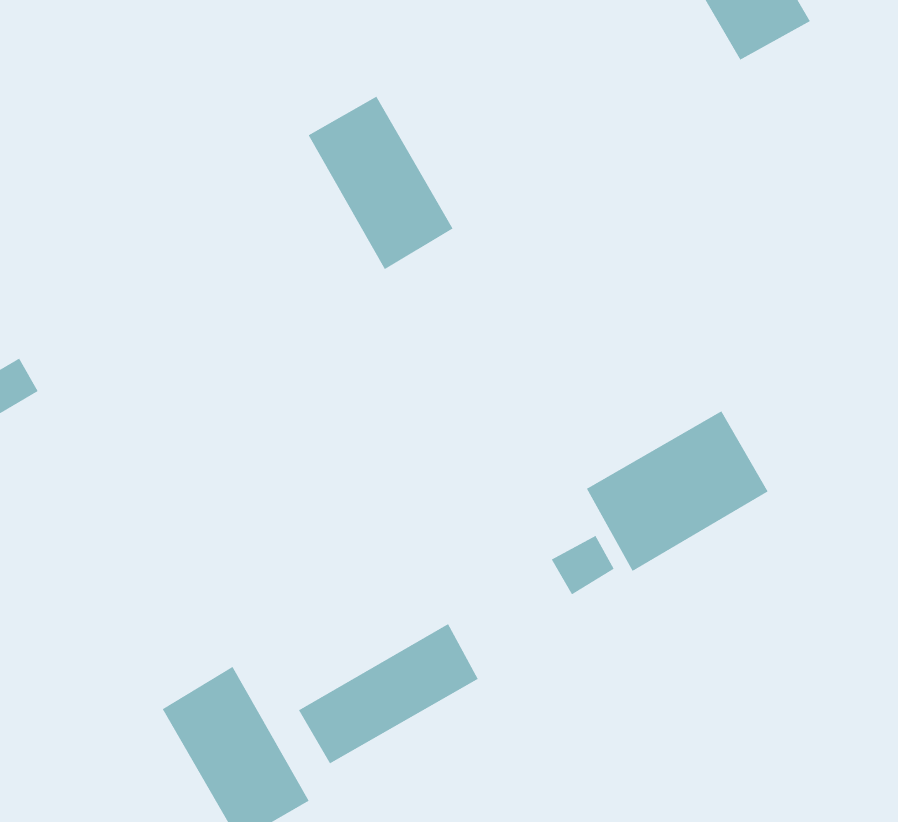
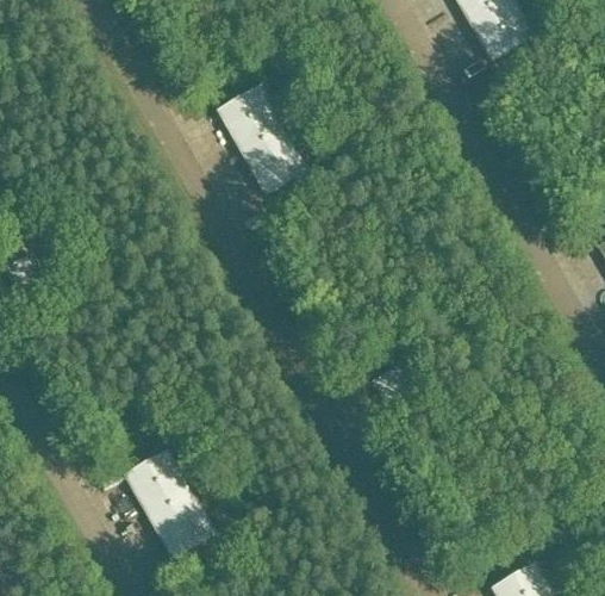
building: [586,410,769,572] -> none
building: [298,623,478,764] -> none

